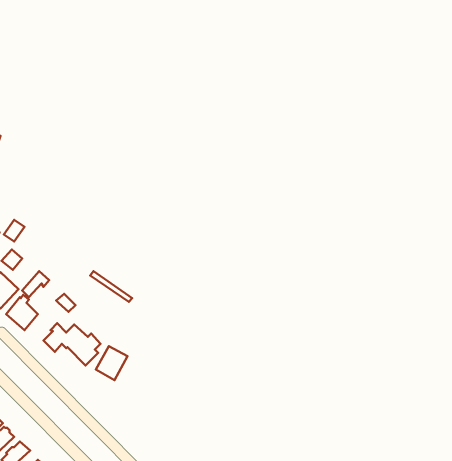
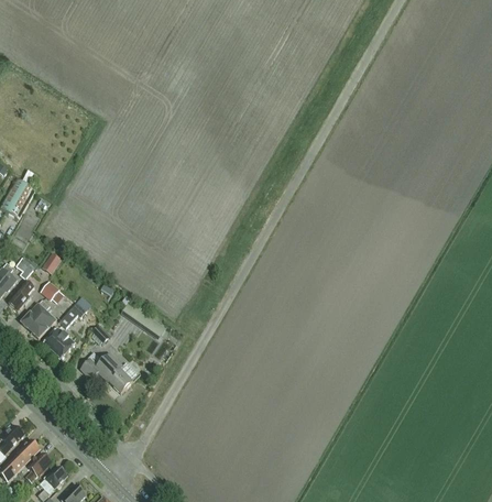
building: [96,346,127,380] -> none

